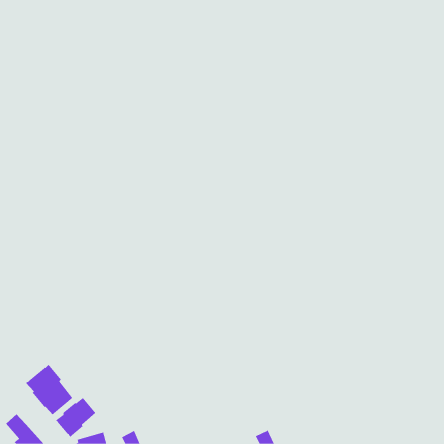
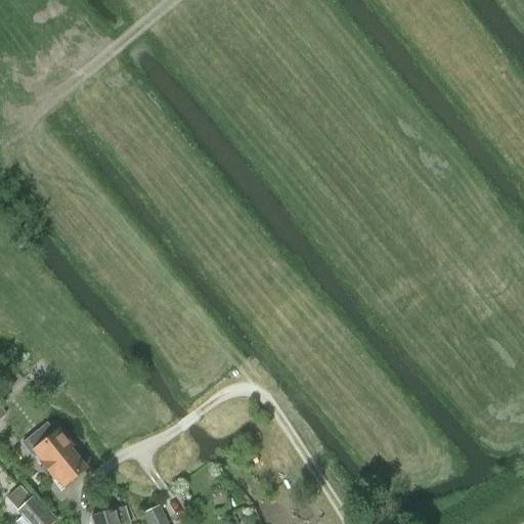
building: [55,397,96,438] -> none

